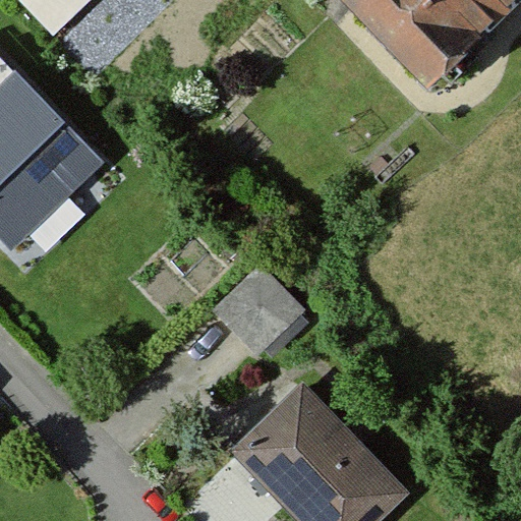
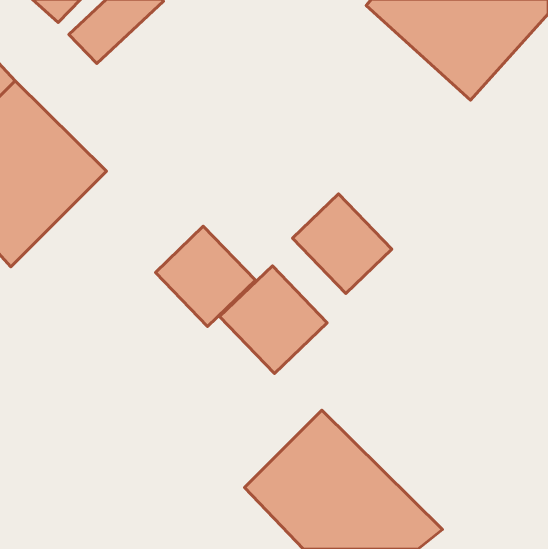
building: none -> [292,194,392,294]
building: none -> [155,226,255,327]

